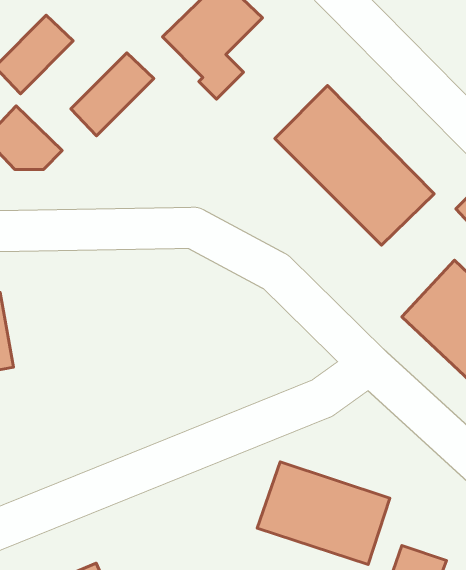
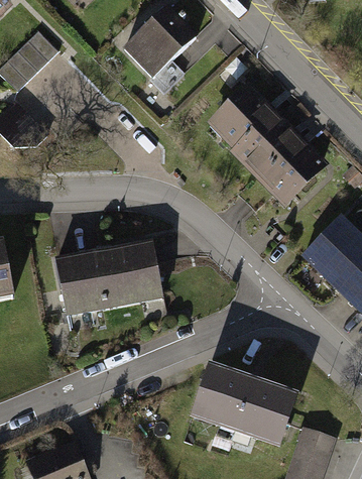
building: [71,53,154,136] -> none
building: none -> [56,241,161,315]

